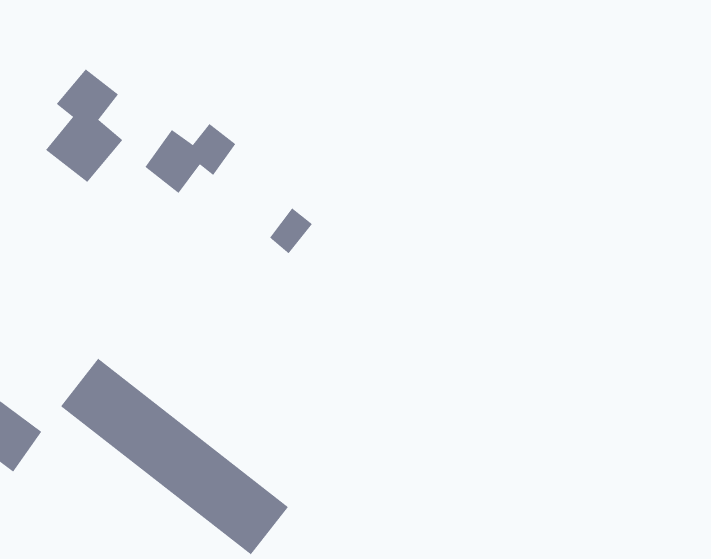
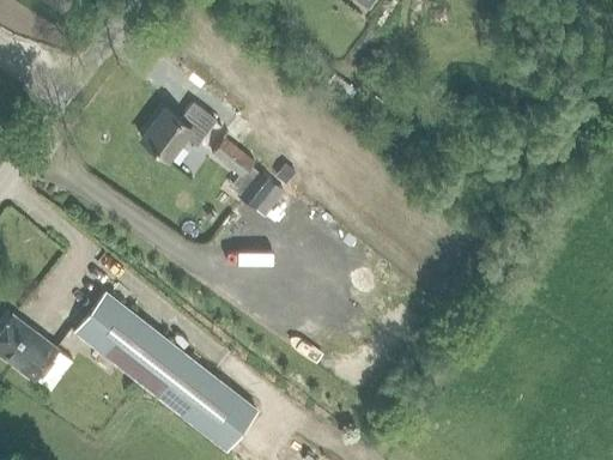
building: [45,69,123,183] -> none
building: none -> [212,140,254,178]

